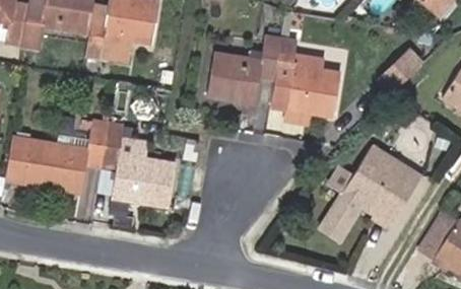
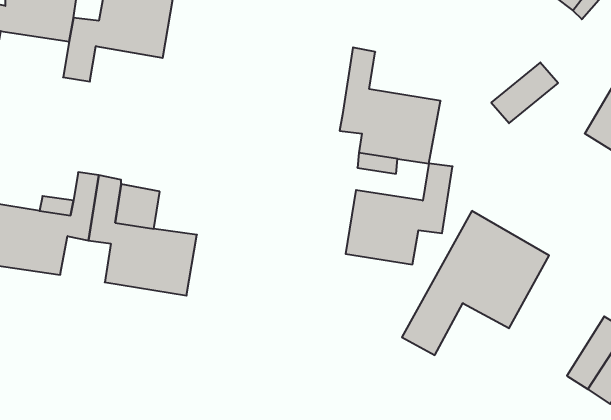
building: [209,31,282,100] -> [346,163,453,264]

